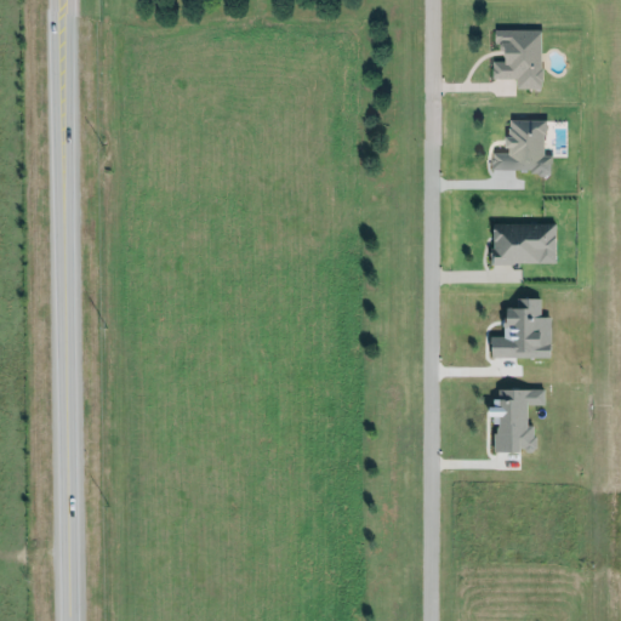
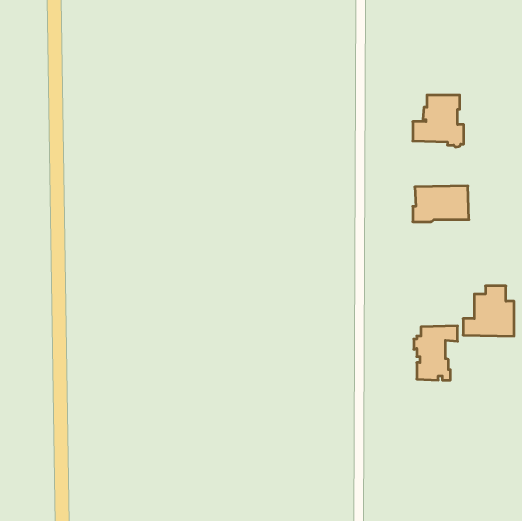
building: [491,24,540,84] -> none
building: [491,301,552,360] -> [463,286,514,336]

